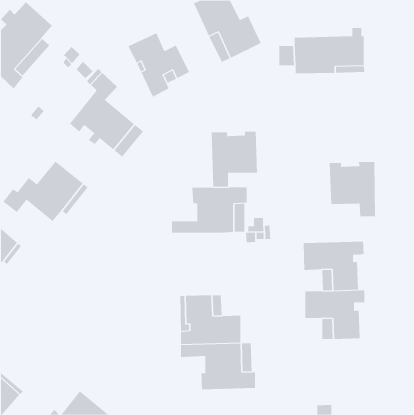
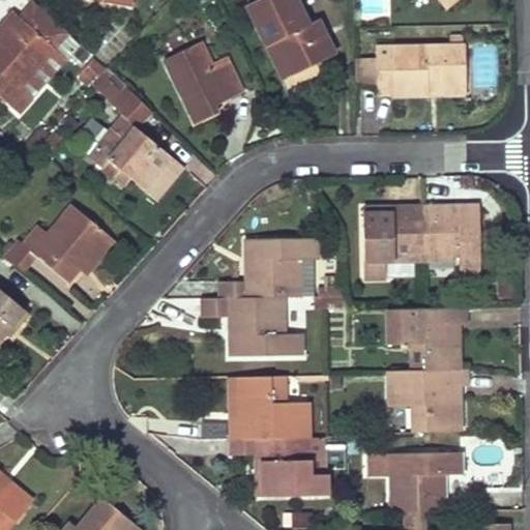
building: [211,131,258,187] -> [362,207,422,278]
building: none -> [201,297,301,356]
building: none -> [369,452,462,511]

